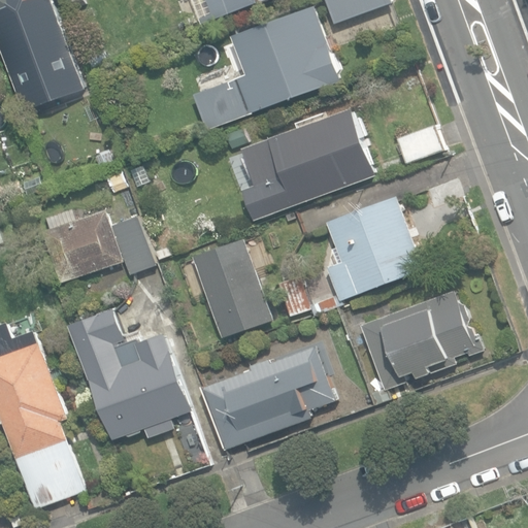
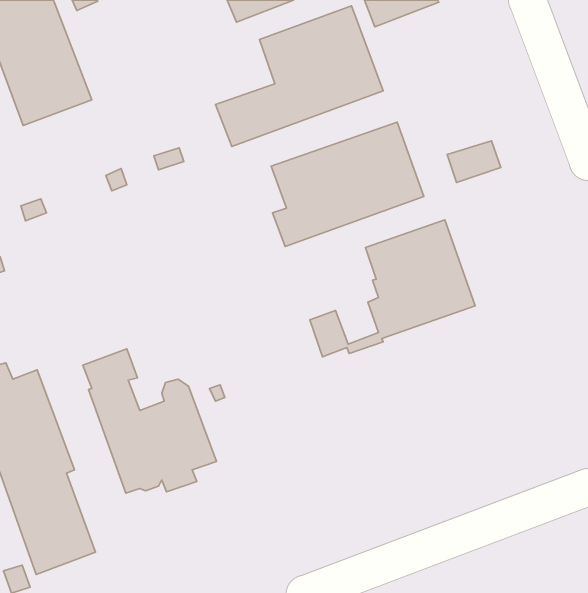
building: [38,209,160,284] -> none
building: [193,238,273,337] -> none
building: [358,291,482,391] -> none
building: [202,346,335,448] -> none

